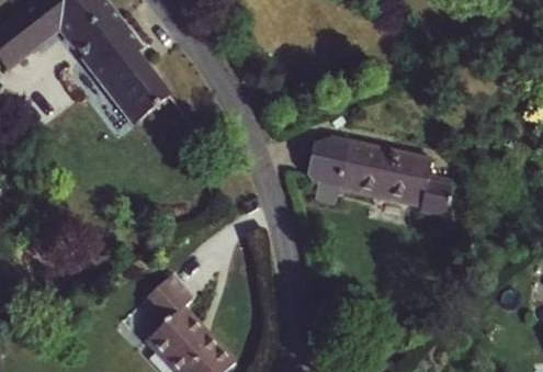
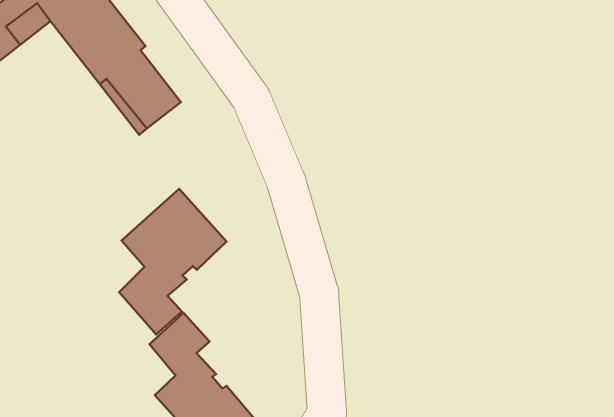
building: [312,138,452,215] -> none
building: none -> [119,189,226,334]

